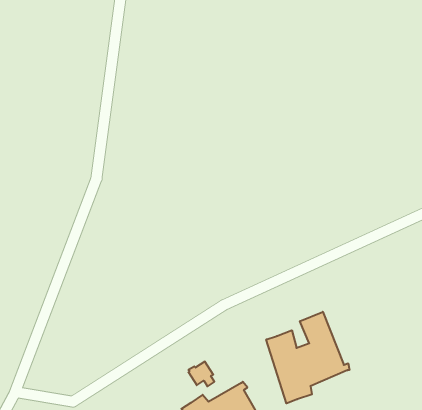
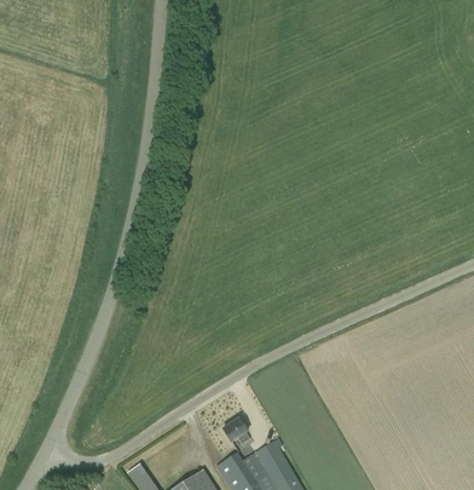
building: [266,312,349,403] -> none

